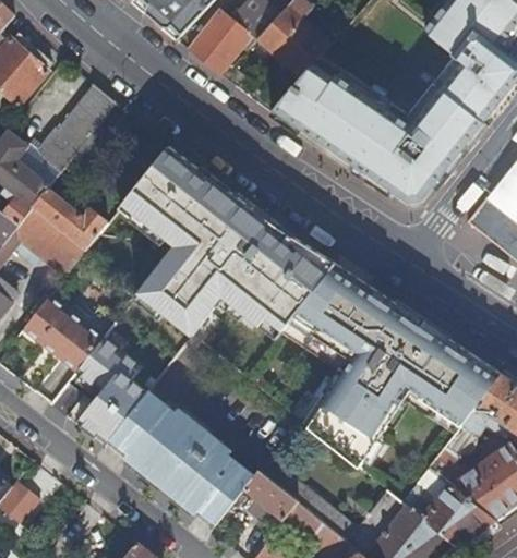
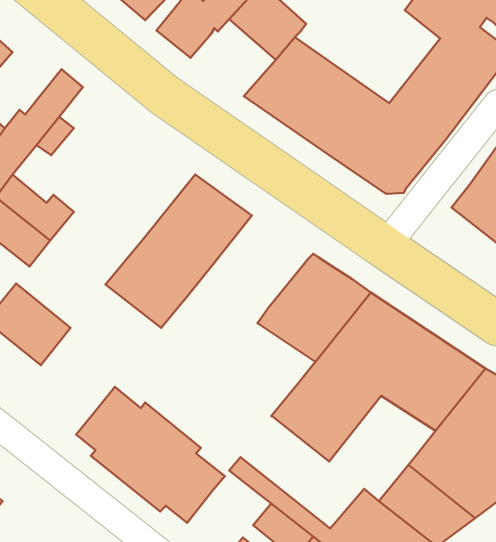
building: [119,146,224,250] -> none
building: [217,227,333,339] -> none
building: [65,335,146,445] -> none
building: [241,472,297,526] -> none

